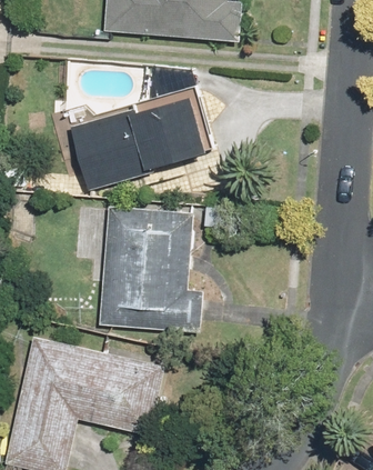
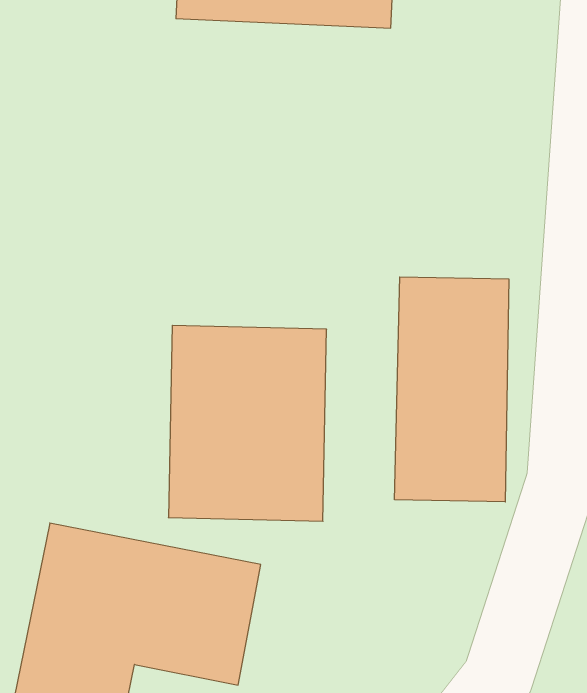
building: [67,89,209,194] -> none
building: none -> [395,277,509,502]

